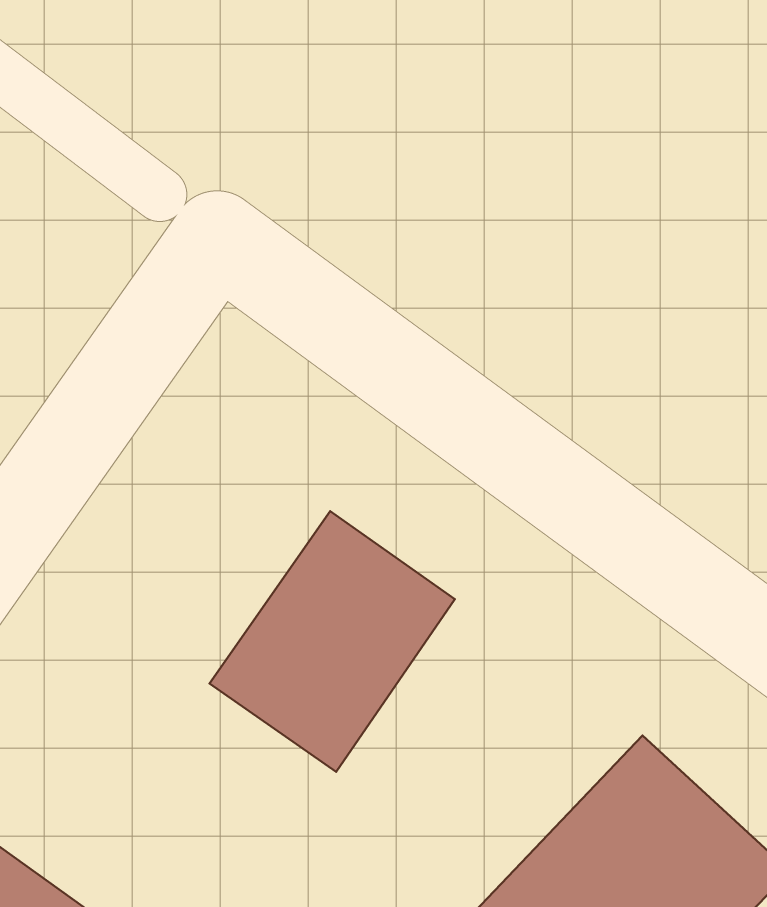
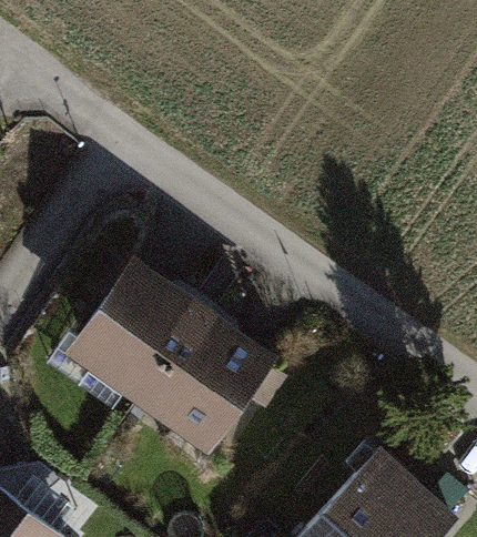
building: none -> [65,257,205,405]

